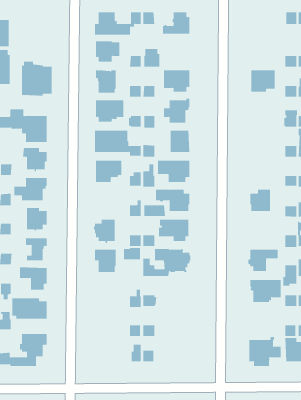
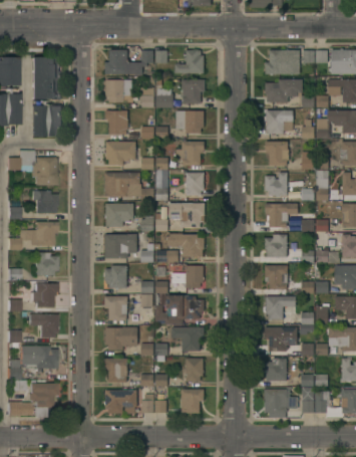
building: none -> [266,50,300,74]
building: none -> [31,58,62,100]
building: none -> [183,79,205,103]
building: none -> [266,79,303,102]
building: none -> [266,142,290,166]
building: none -> [266,172,288,197]
building: none -> [266,203,298,227]
building: none -> [105,234,137,259]
building: none -> [265,265,288,289]
building: none -> [106,327,138,351]
building: none -> [172,327,205,352]
building: none -> [102,359,128,383]
building: none -> [186,359,204,382]
building: none -> [267,359,287,381]
building: none -> [182,389,205,414]
building: none -> [105,391,140,414]

